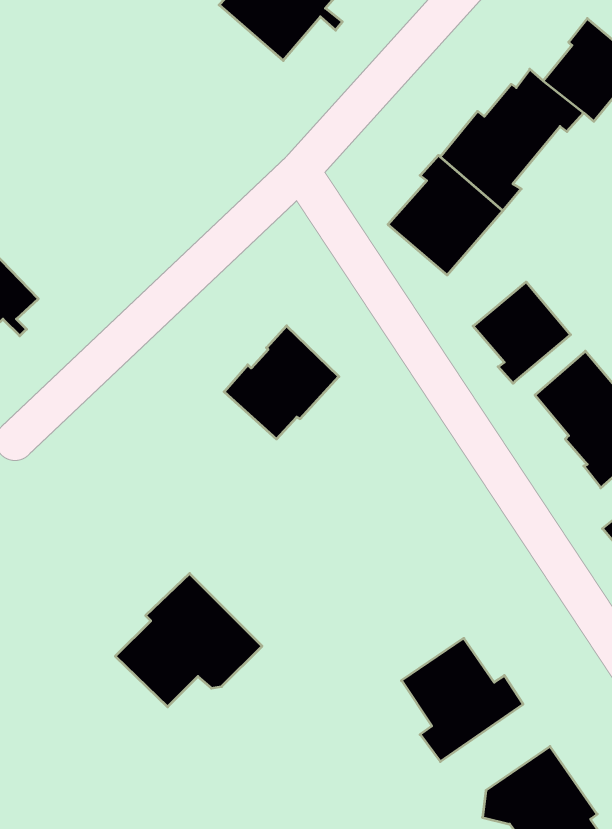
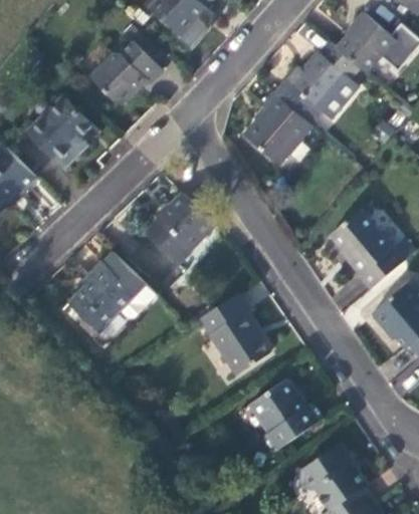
building: none -> [89,40,162,102]
building: none -> [28,94,92,167]
building: [473,282,571,383] -> none
building: none -> [200,294,269,375]
building: [115,573,262,707] -> [70,252,158,331]

